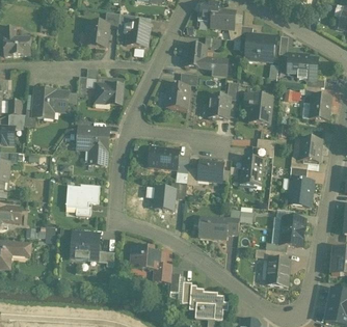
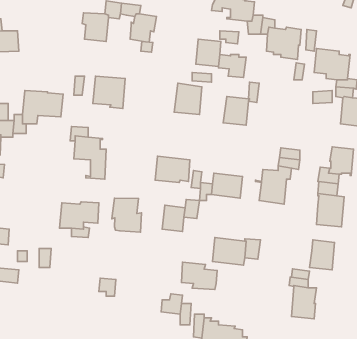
building: [244,93,272,124] -> none
building: none -> [112,198,142,232]
building: [71,234,99,260] -> none
building: [132,246,163,270] -> [181,262,217,290]

